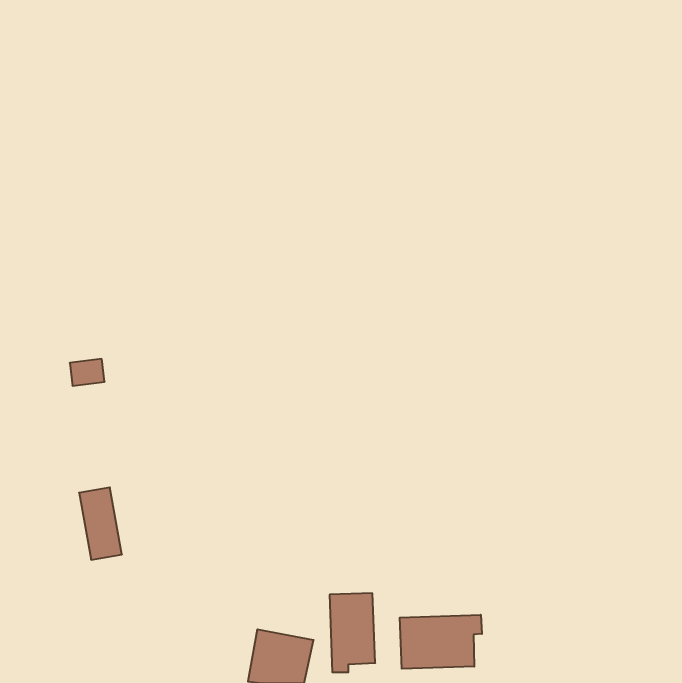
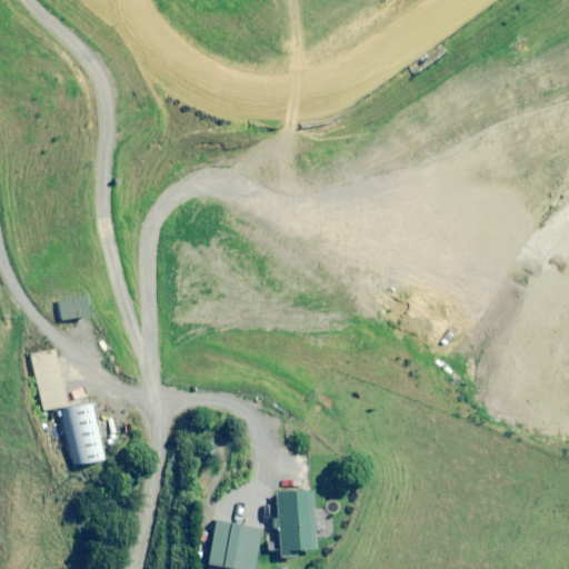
building: none -> [33,351,68,411]
building: [400,615,482,669] -> none

